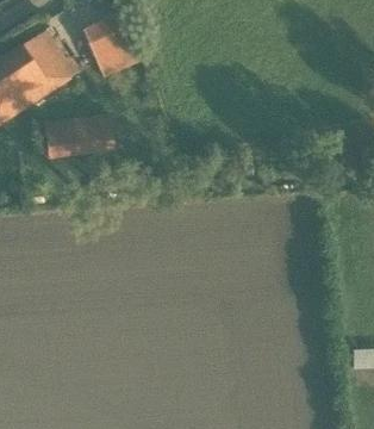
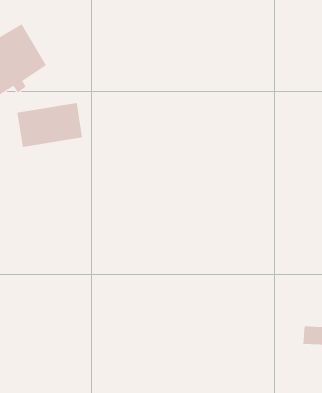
building: [85,17,132,66] -> none

